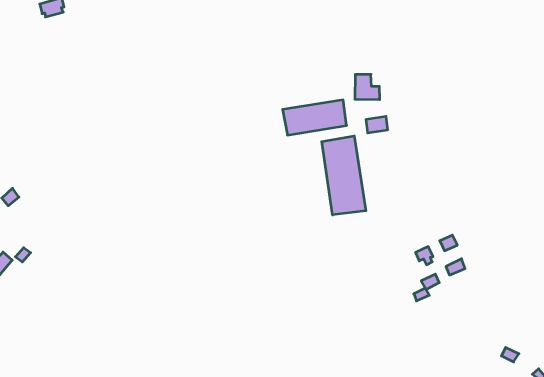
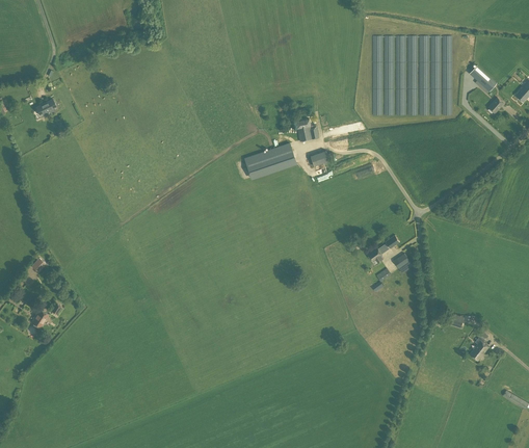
building: [322,136,366,215] -> none

